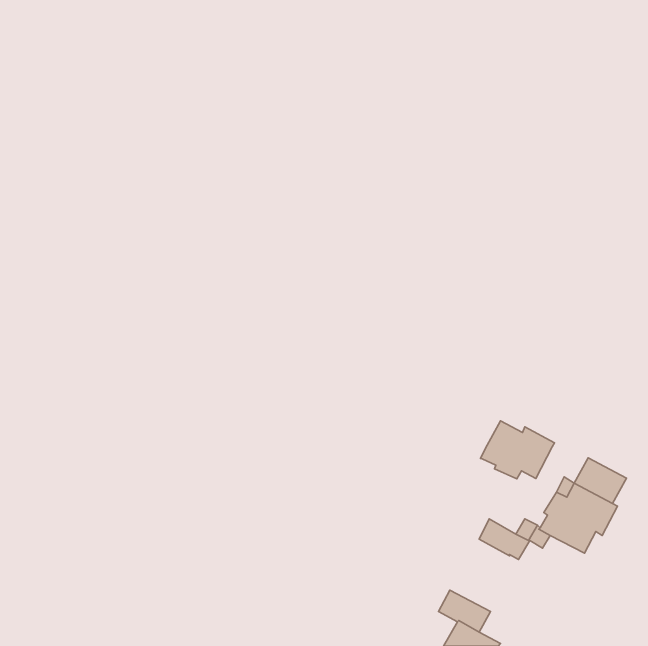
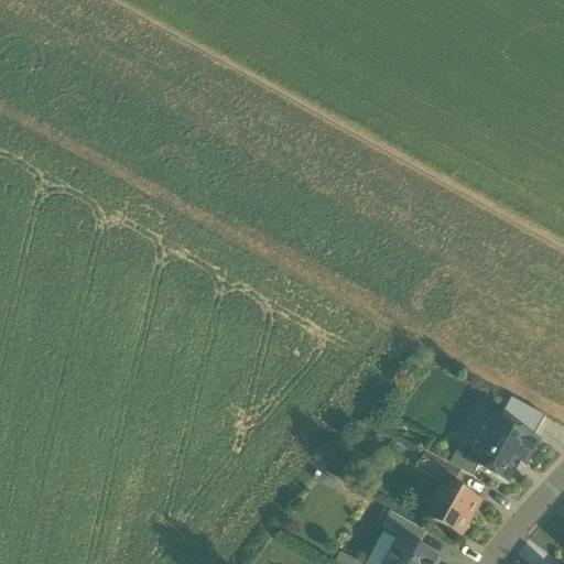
building: [480,421,555,479] -> none
building: none -> [424,480,477,532]

